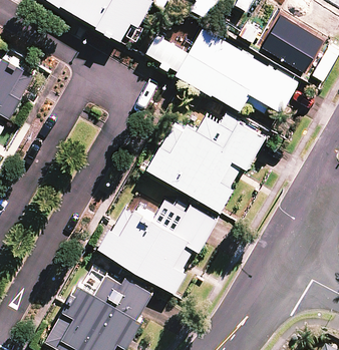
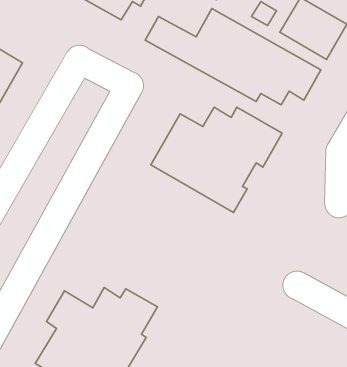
building: [98,203,218,290] -> none

